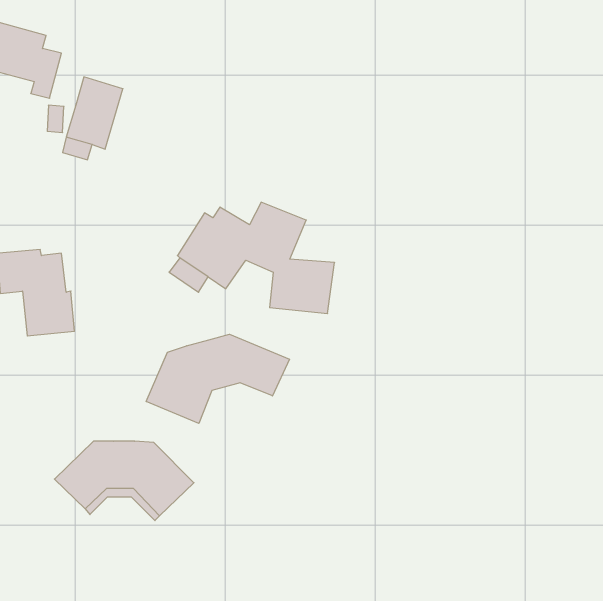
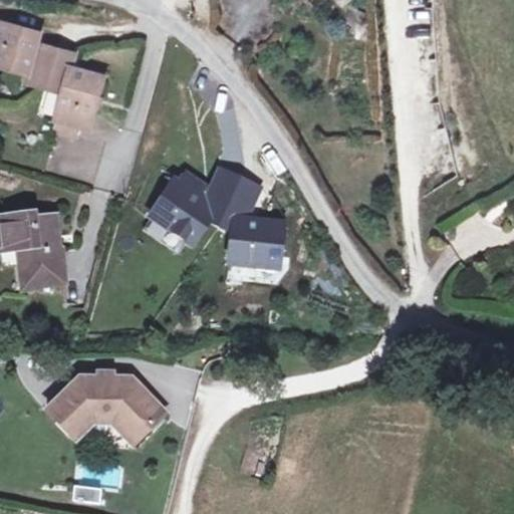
building: none -> [42,45,74,89]
building: [146,334,289,423] -> none

